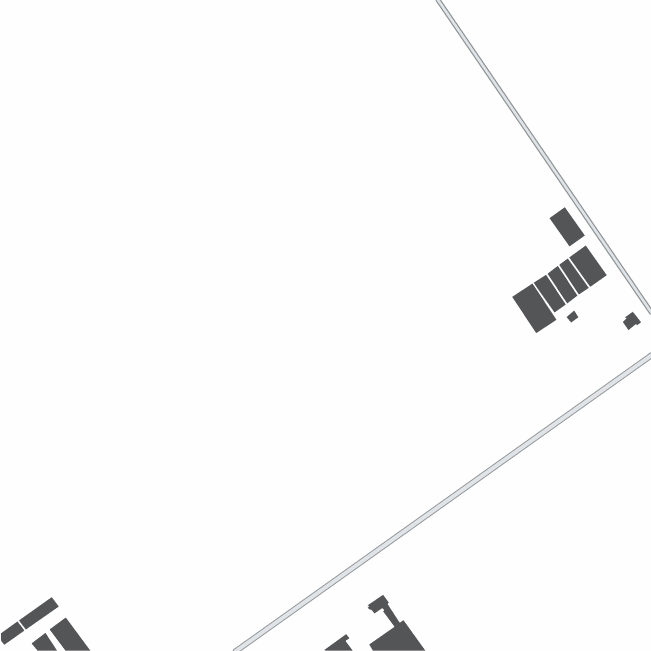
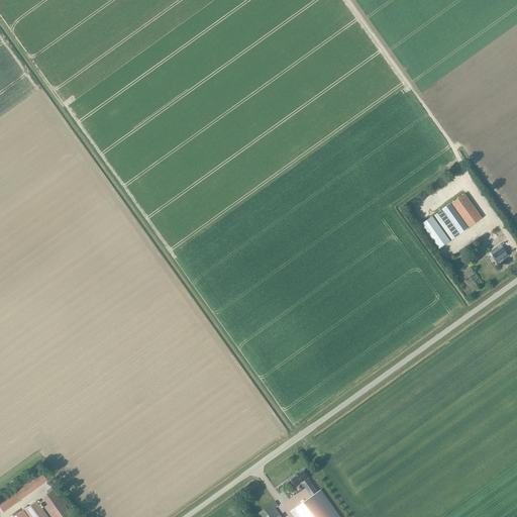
building: [548,206,586,247] -> none
building: [511,283,557,334] -> none

